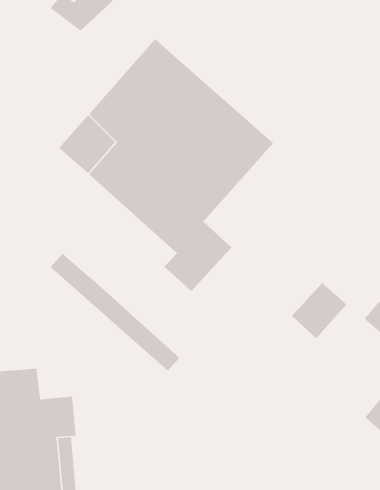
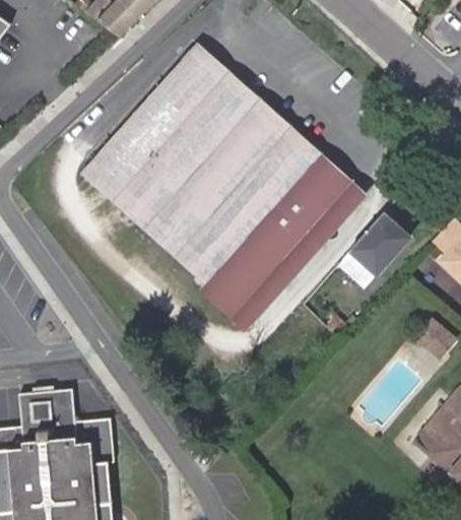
building: none -> [235,152,368,323]
building: [50,253,180,371] -> [81,157,218,282]
building: [291,282,347,339] -> [350,214,409,274]

